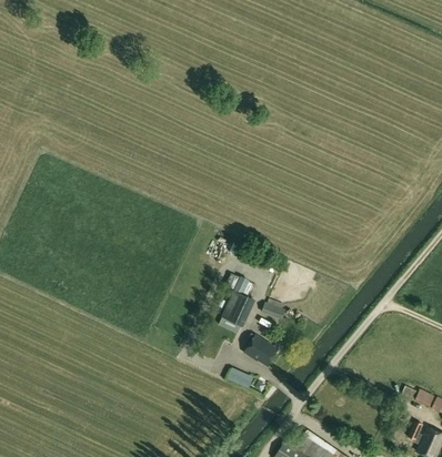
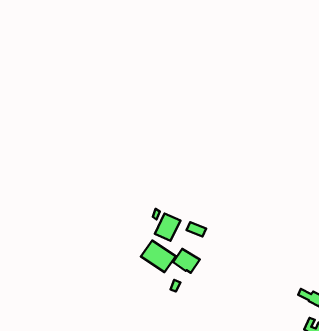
building: none -> [141,240,176,272]

